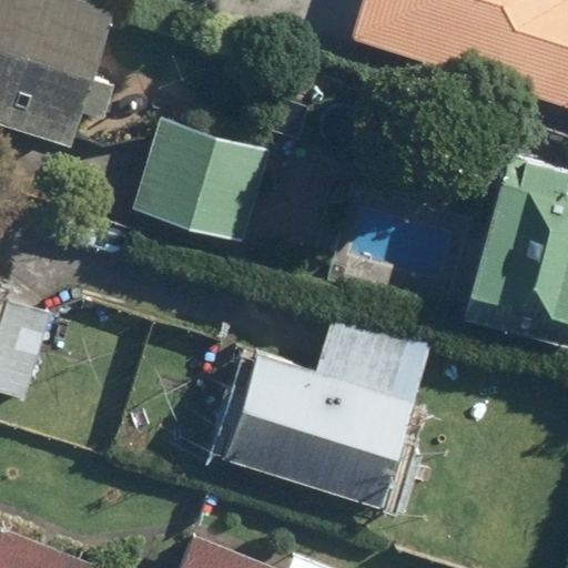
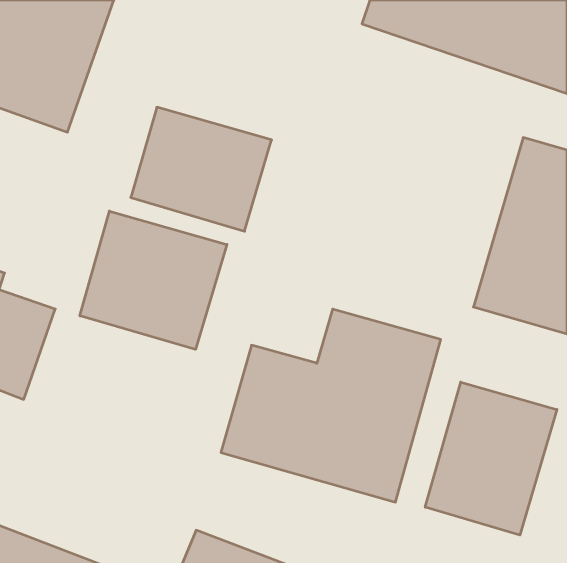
building: none -> [80,211,227,349]
building: none -> [425,382,557,535]

